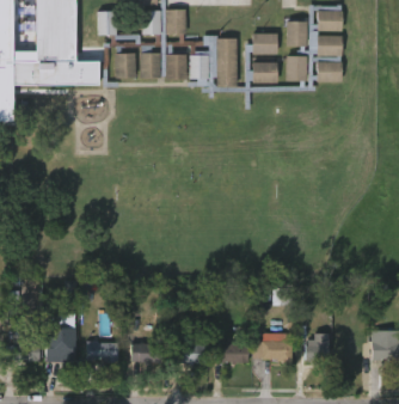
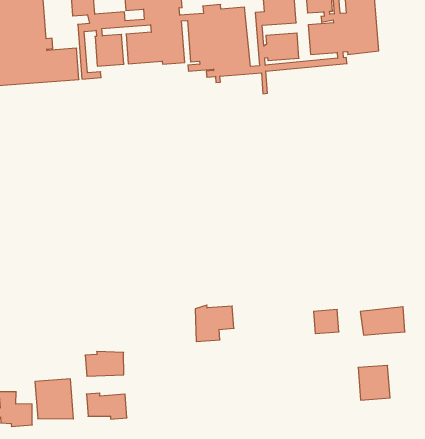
building: [263,341,297,361] -> [360,307,405,335]
building: [129,342,160,362] -> [85,351,124,376]
building: [172,342,203,371] -> [195,305,234,342]
building: [216,344,250,363] -> none

